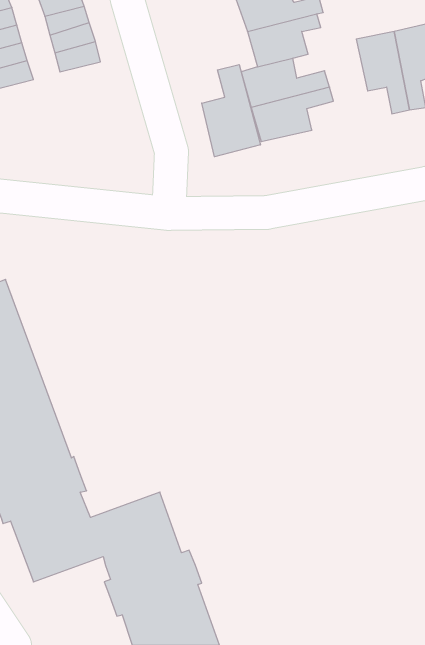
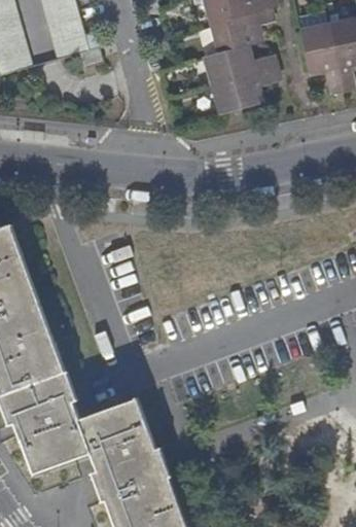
building: [202,65,260,157] -> none

